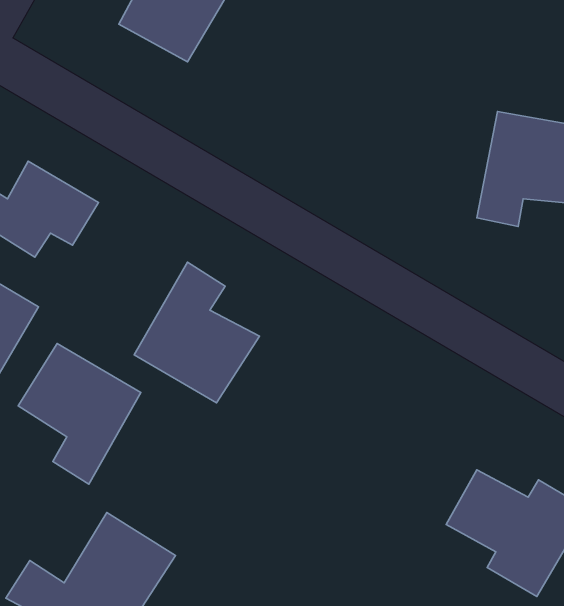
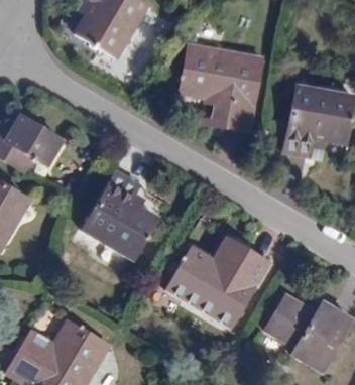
building: none -> [181,44,260,129]
building: [18,344,141,484] -> none
building: none -> [168,239,266,325]

